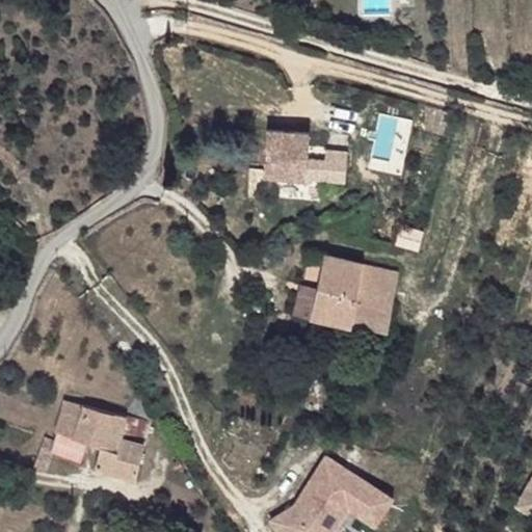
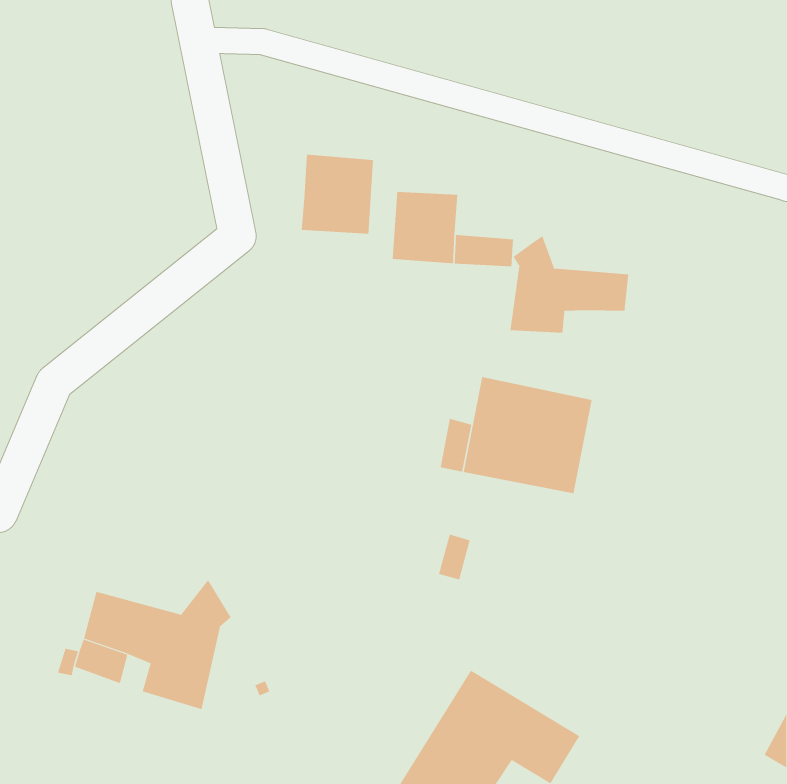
building: none -> [301,154,374,234]
building: none -> [510,235,629,334]

